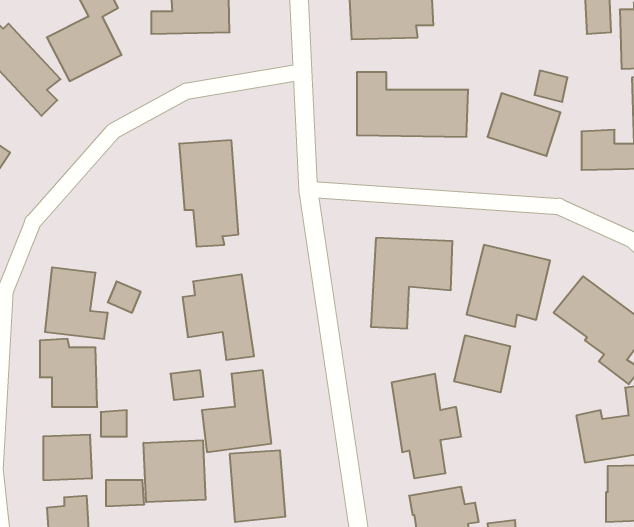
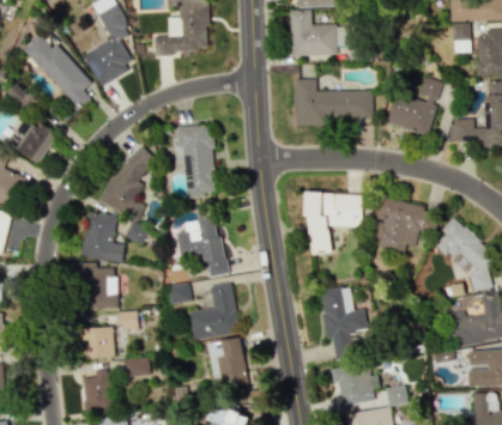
building: none -> [103,142,153,219]
building: [454,335,510,392] -> none
building: [144,440,205,502] -> none

